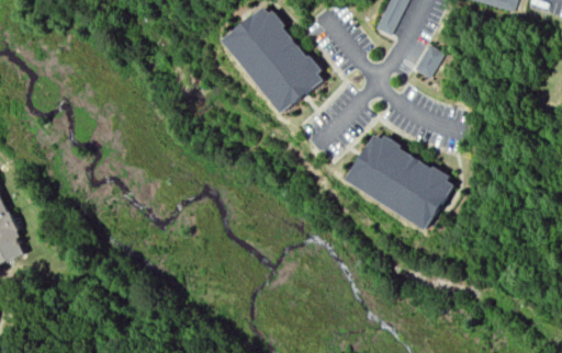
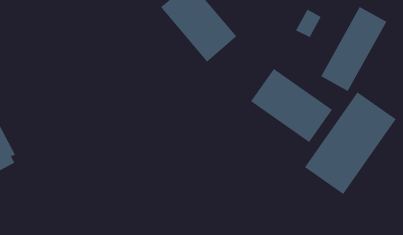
building: none -> [320,6,387,92]
building: none -> [304,92,396,195]

